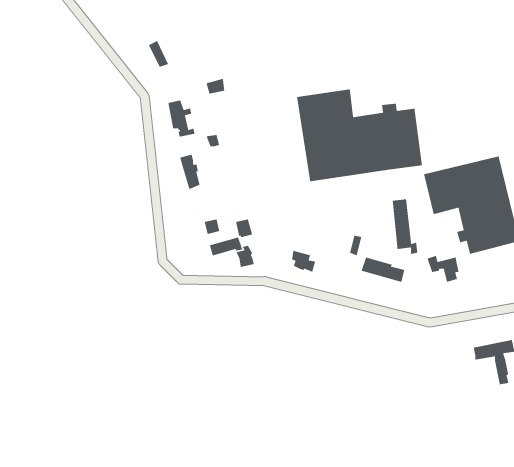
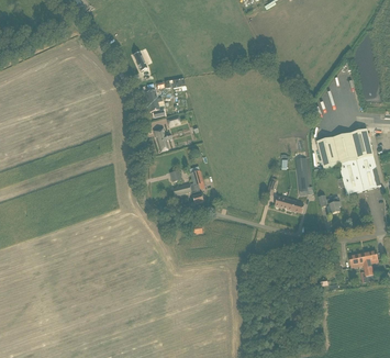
building: [296,88,423,182] -> none

